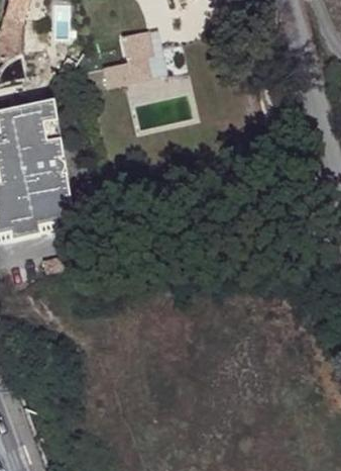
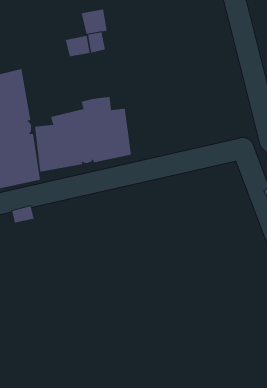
building: none -> [34,96,132,173]

